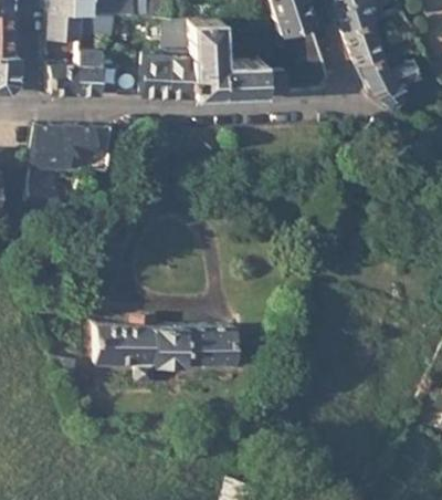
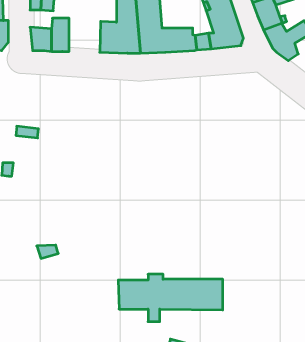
building: [35,125,116,167] -> none
building: [104,315,243,378] -> [118,274,223,322]

